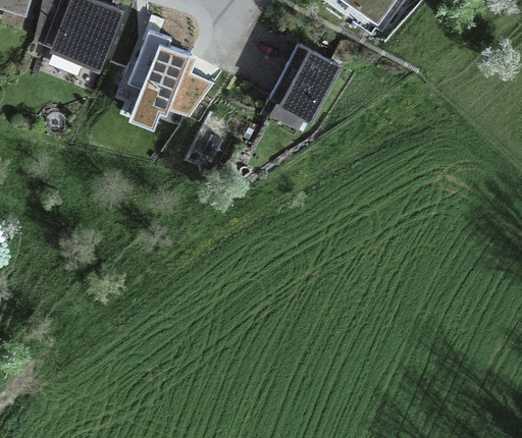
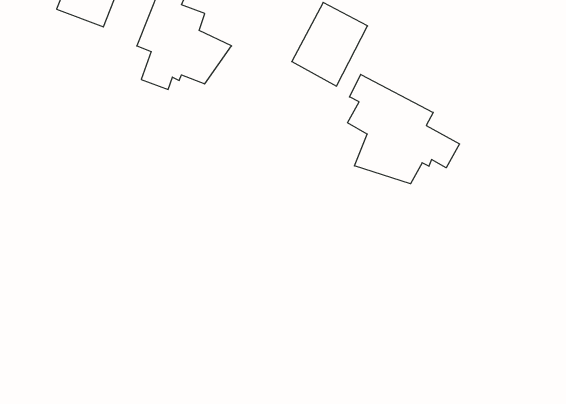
building: none -> [348,74,460,184]

